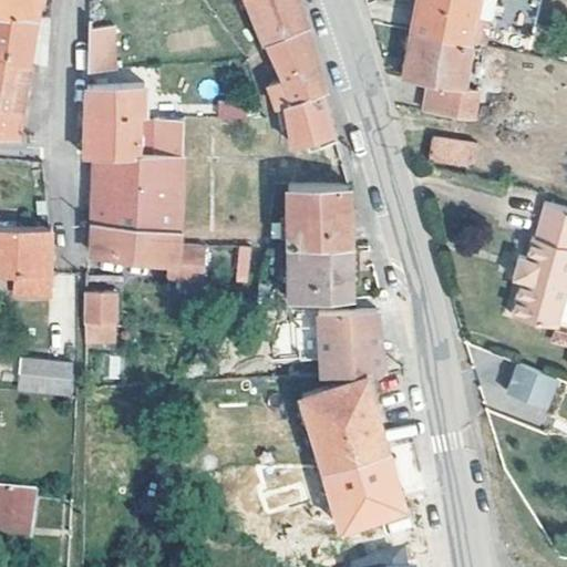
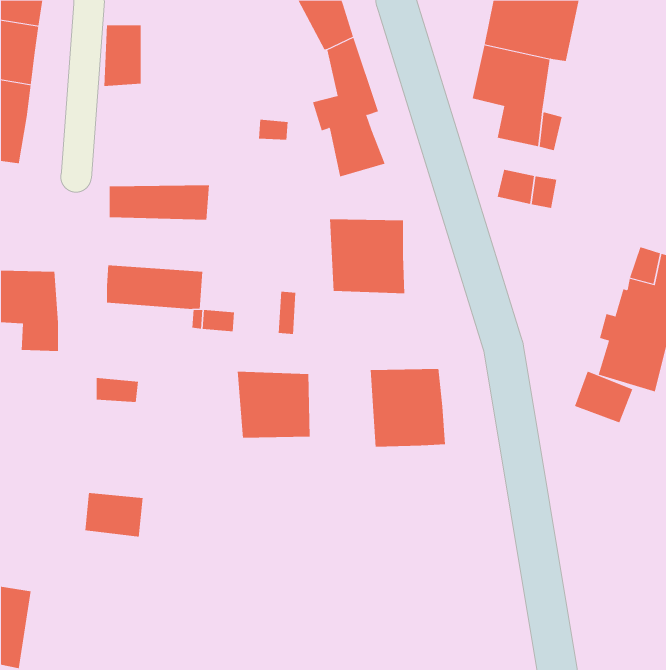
building: [85,89,181,157] -> none
building: [94,184,178,229] -> none
building: [285,246,347,302] -> [237,371,310,438]
building: [84,289,123,322] -> none
building: [19,359,69,396] -> [84,493,143,537]
building: [503,367,553,411] -> [574,371,633,423]
building: [286,377,401,525] -> none

